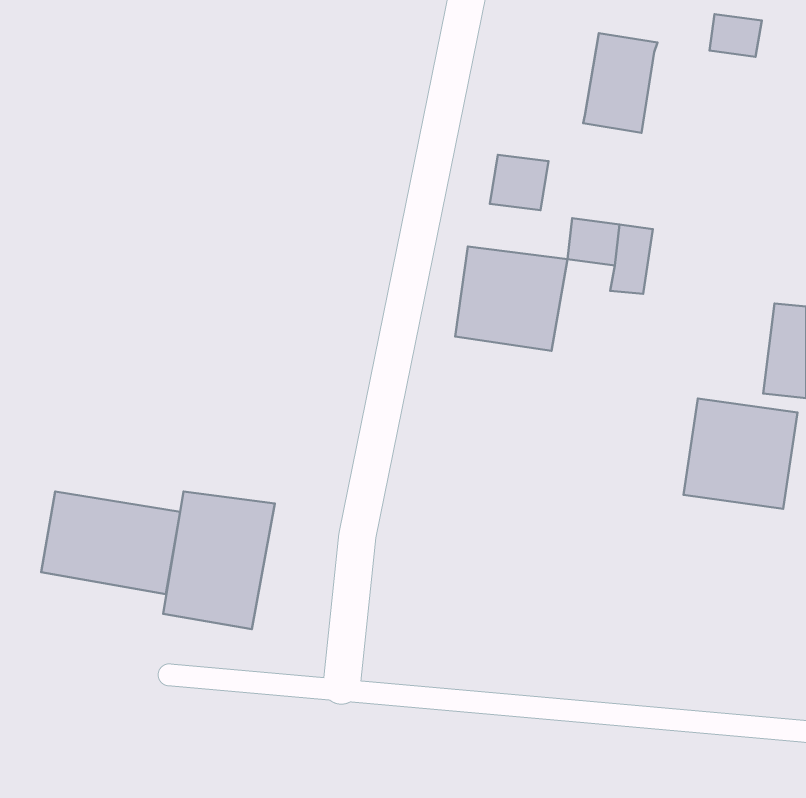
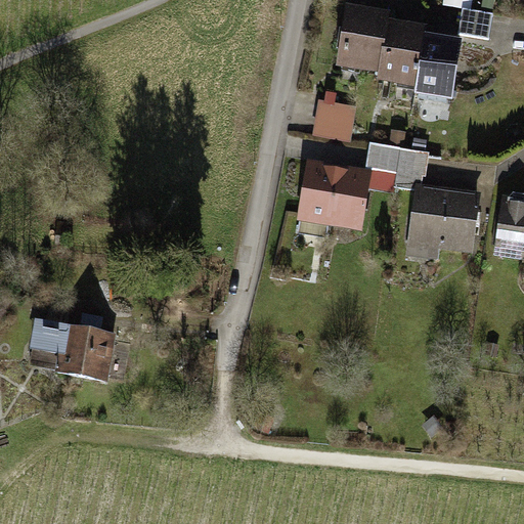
building: none -> [336,7,389,75]
building: none -> [414,34,461,98]
building: [684,398,797,509] -> [411,182,485,254]
building: [163,491,275,629] -> none

